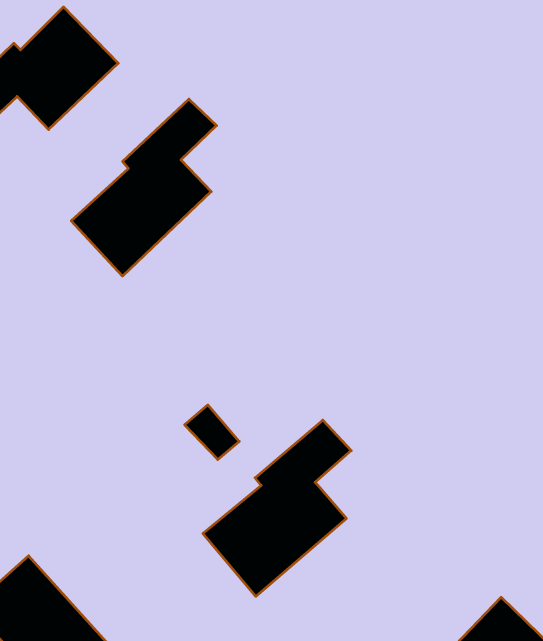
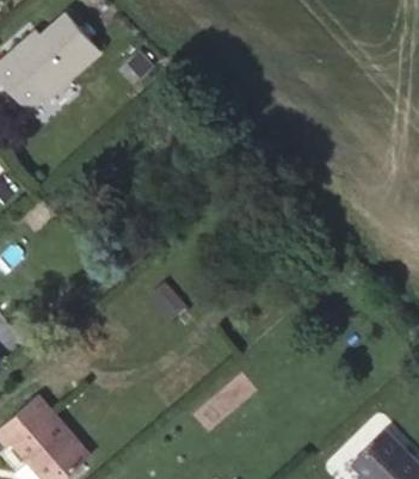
building: [71,99,217,276] -> none
building: [203,420,351,596] -> none

